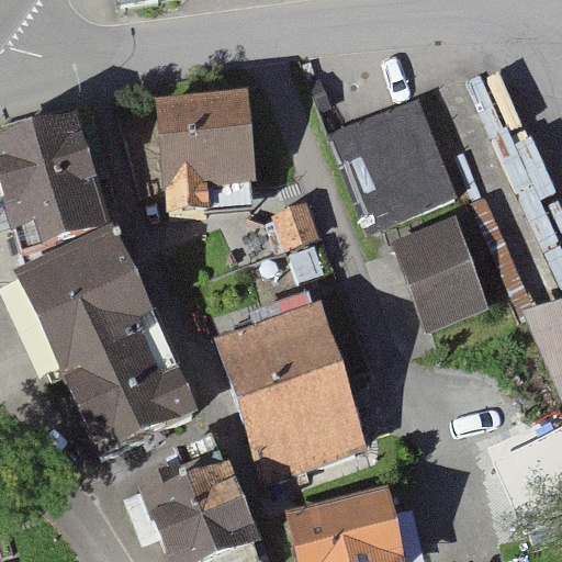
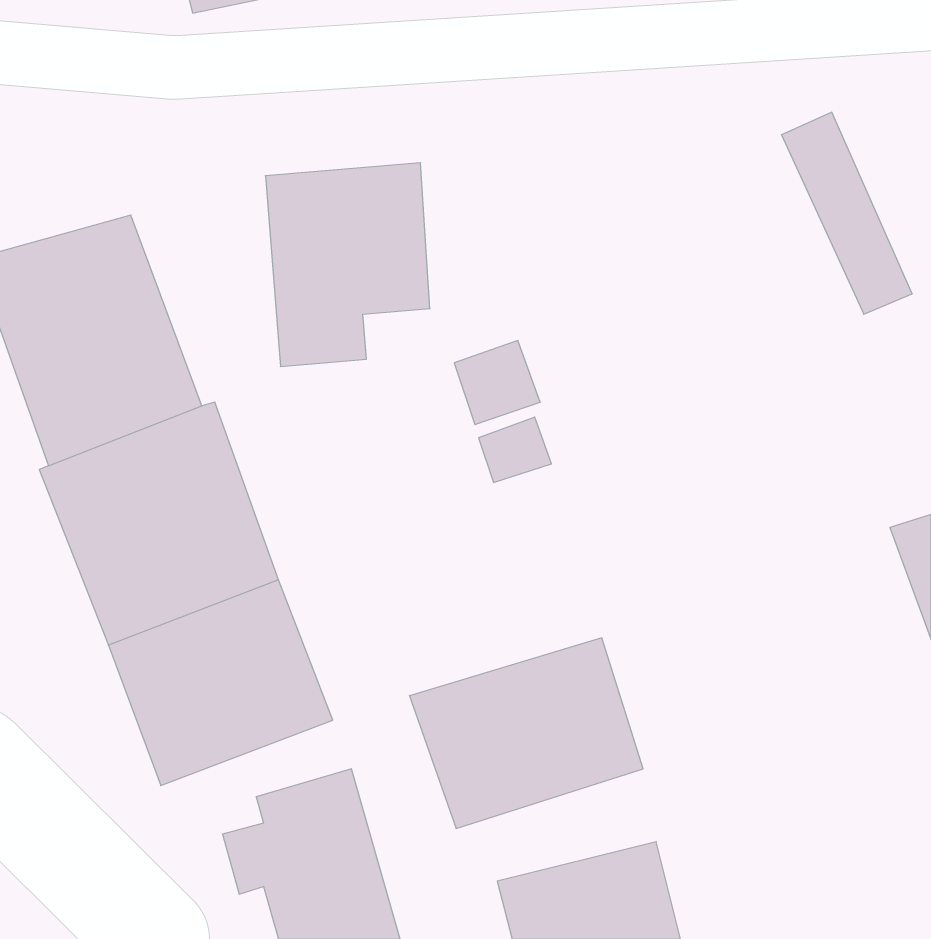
building: [322,91,456,226] -> none
building: [395,217,486,324] -> none
building: [216,288,353,408] -> none

